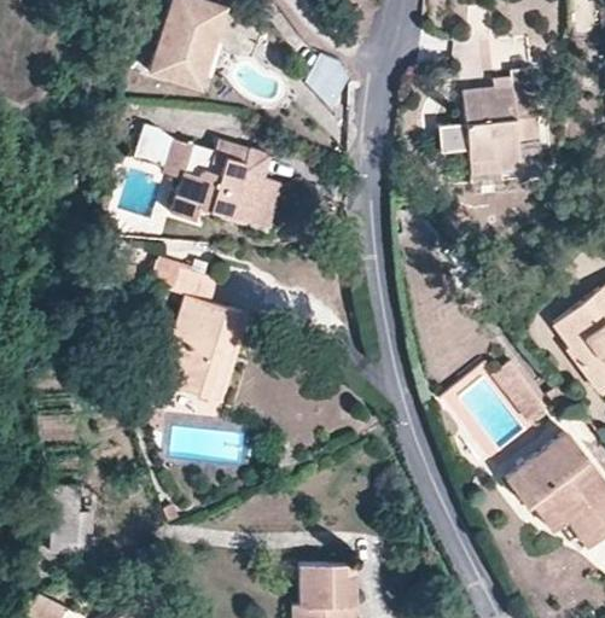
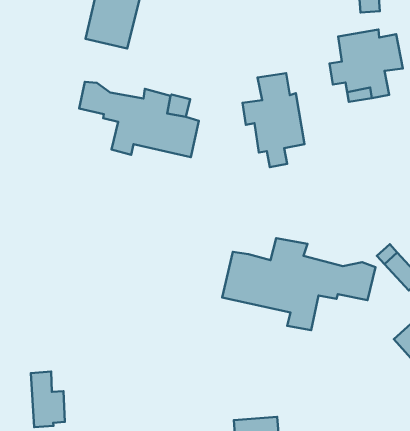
building: none -> [242,73,305,167]
building: [151,261,246,400] -> none
building: none -> [222,238,375,330]

